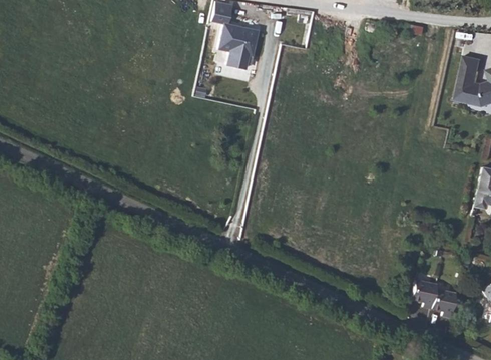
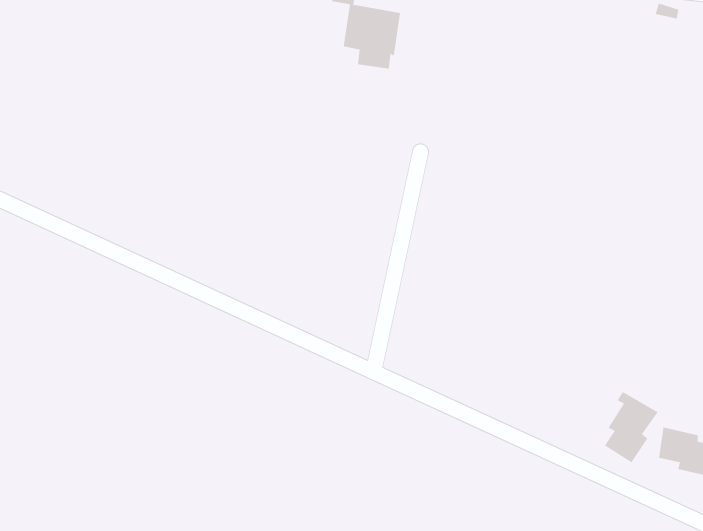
building: none -> [604,391,659,463]

